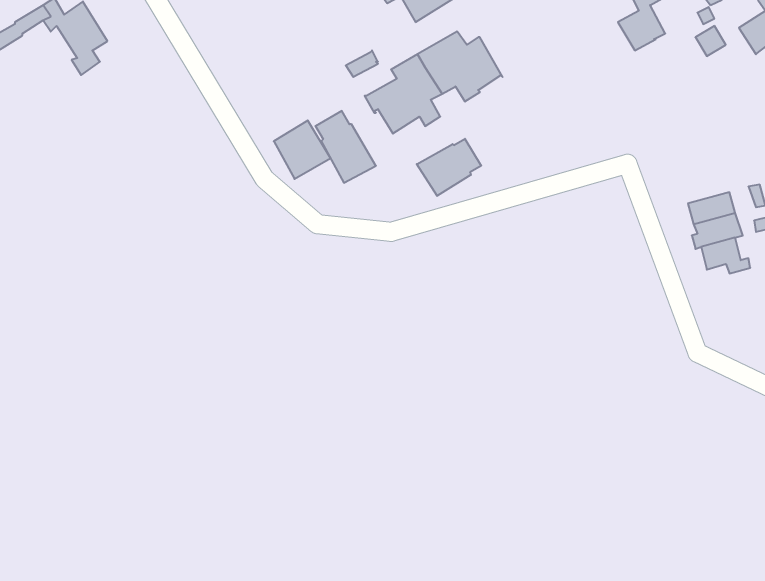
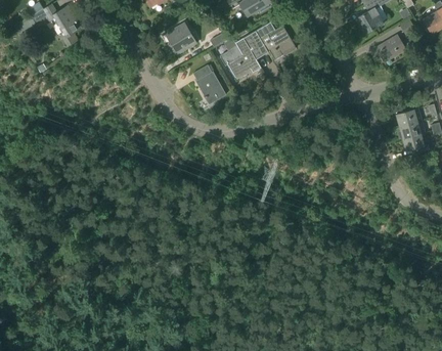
building: none -> [375,35,405,61]
building: [274,120,330,179] -> [166,23,196,54]
building: [417,139,481,196] -> none

